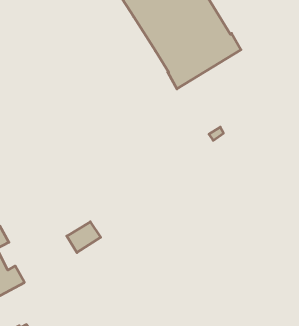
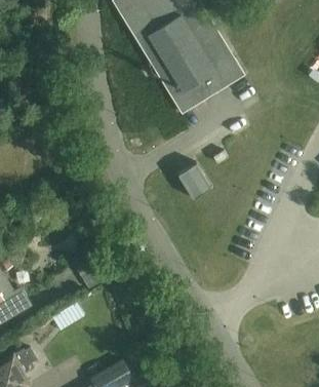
building: none -> [176,163,211,200]

